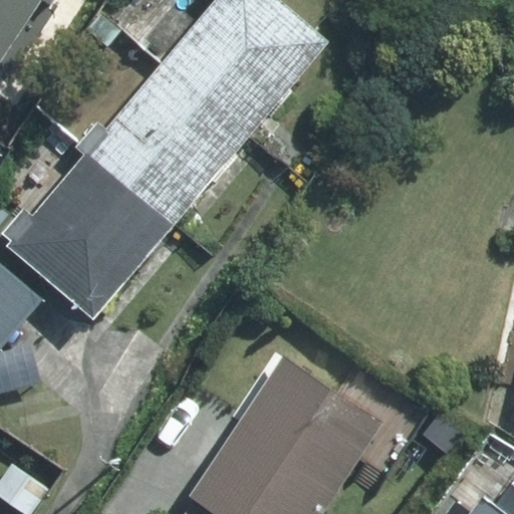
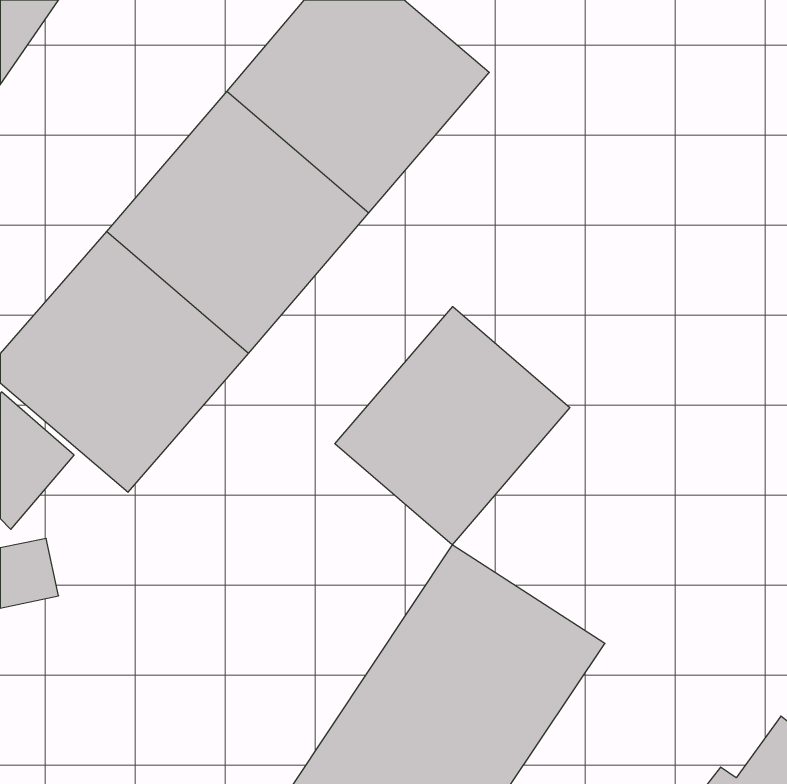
building: none -> [335,307,570,545]

